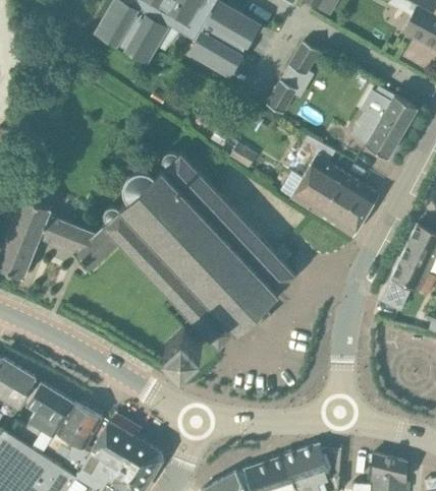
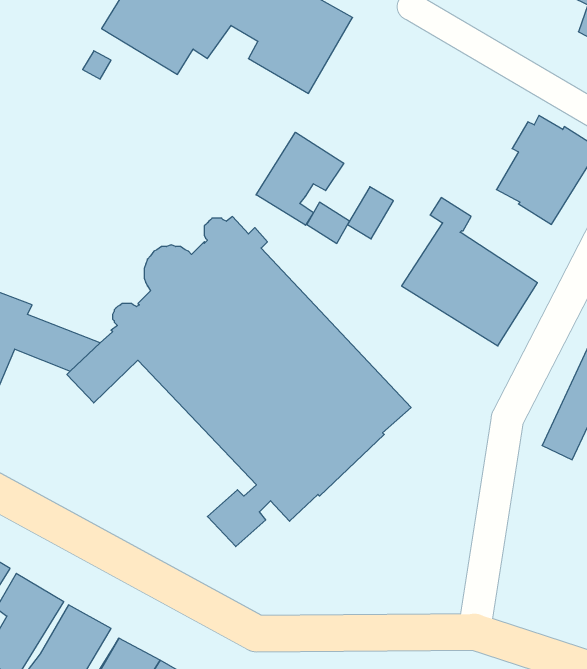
building: [289,43,320,76] -> none
building: [267,81,296,115] -> [348,187,393,239]
building: none -> [256,132,344,225]

